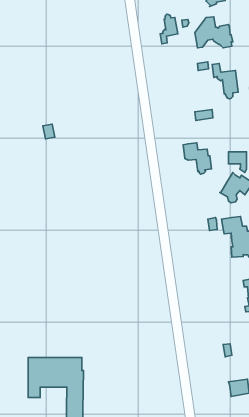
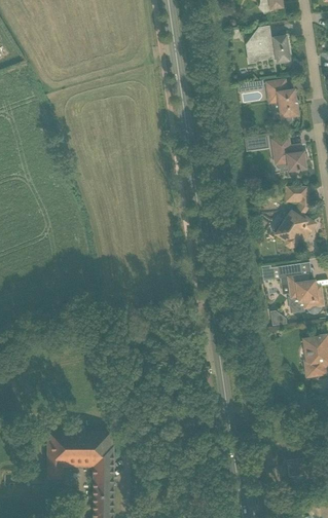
building: [160,14,178,44] -> none
building: [183,143,212,174] -> [271,137,305,174]

